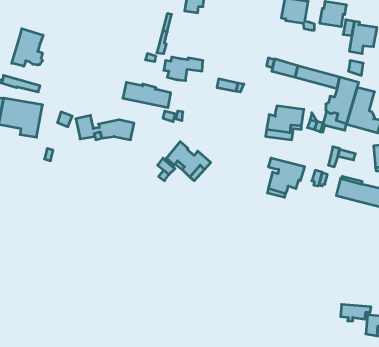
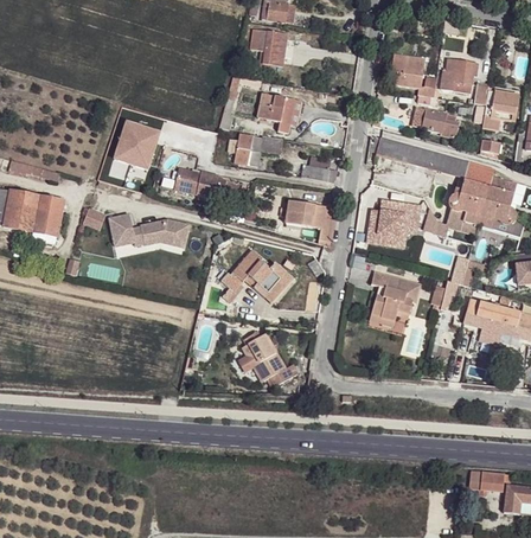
building: none -> [258,92,301,133]
building: [12,29,43,66] -> none
building: none -> [412,107,459,137]
building: none -> [115,122,159,169]
building: none -> [280,200,335,245]
building: none -> [238,331,298,385]

